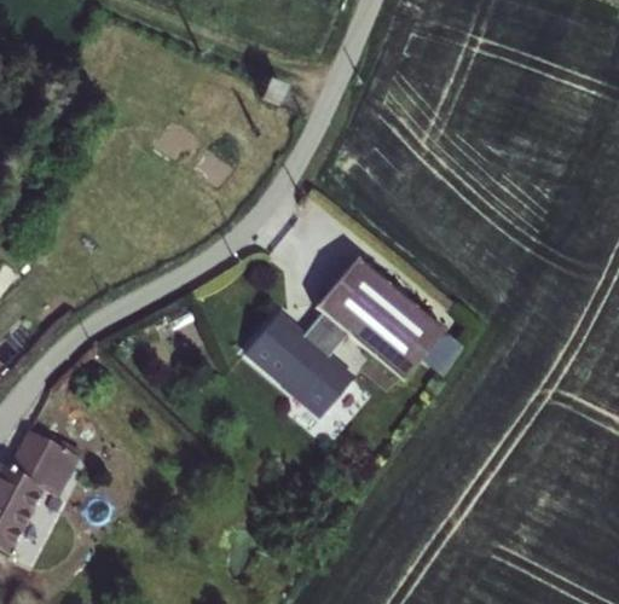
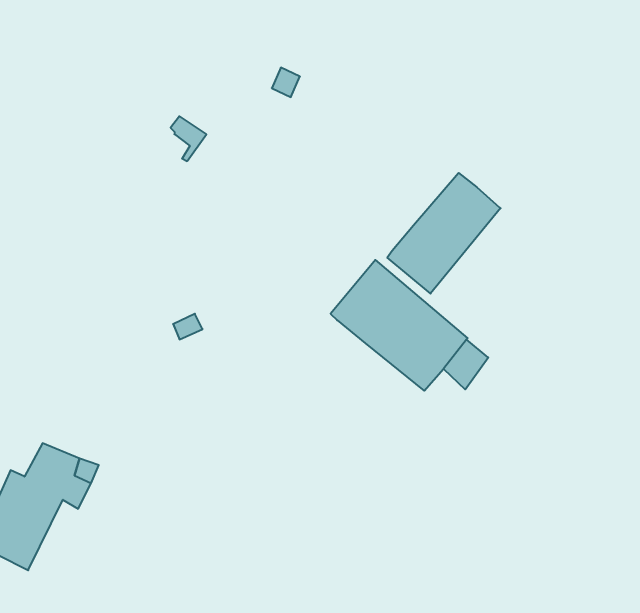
building: none -> [387,173,501,294]
building: [241,310,353,418] -> none

